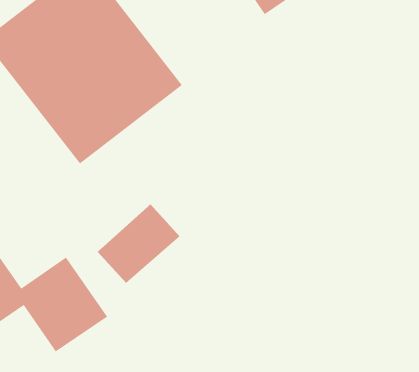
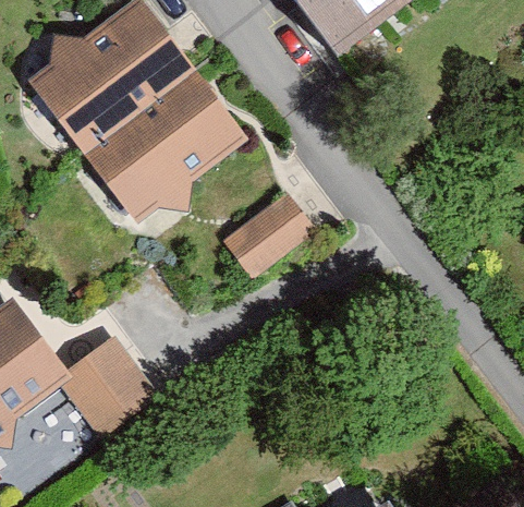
building: [97,203,180,284] -> [219,192,313,282]

